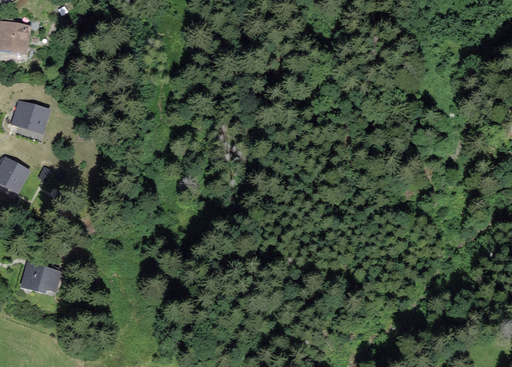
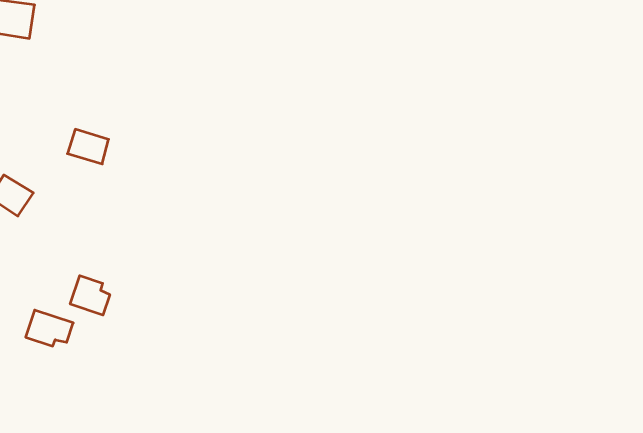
building: [15,102,47,129] -> [67,129,109,164]
building: none -> [70,276,110,315]

